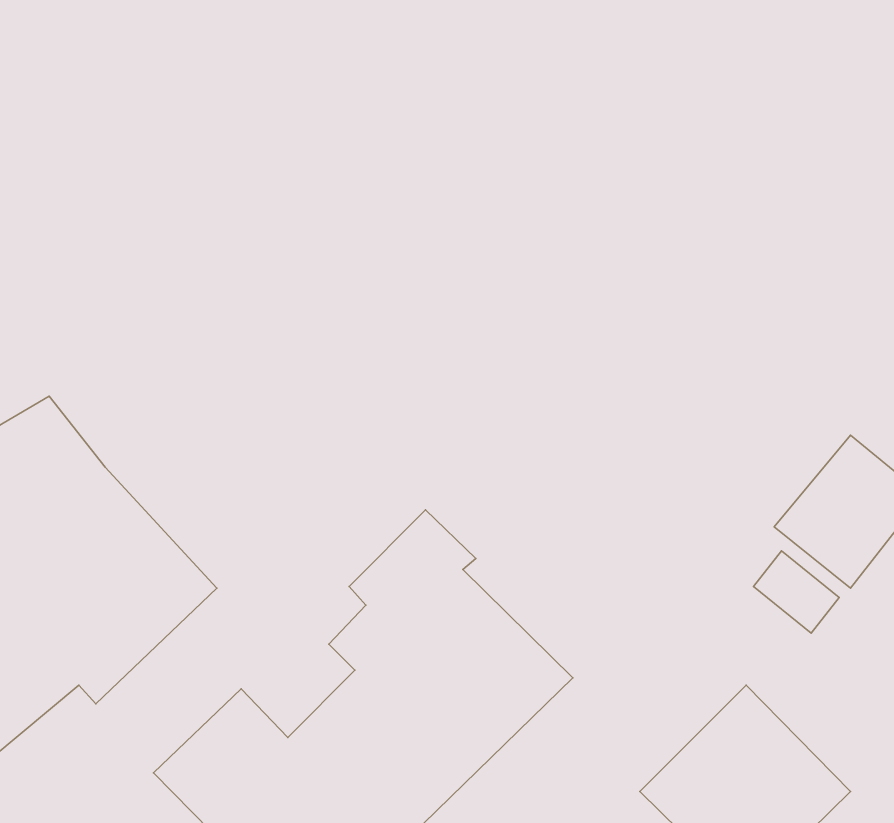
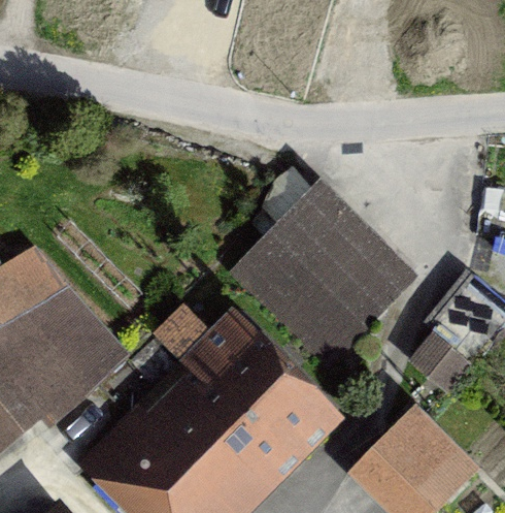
building: none -> [234,189,407,362]

